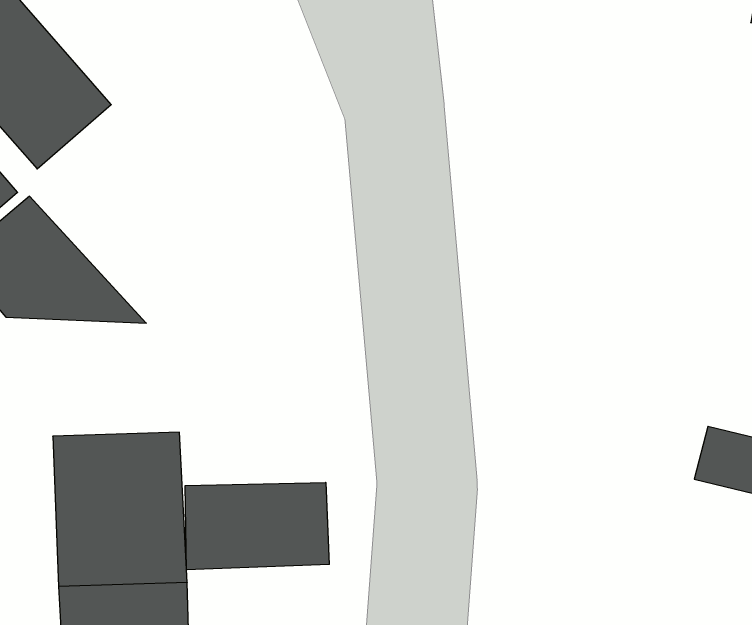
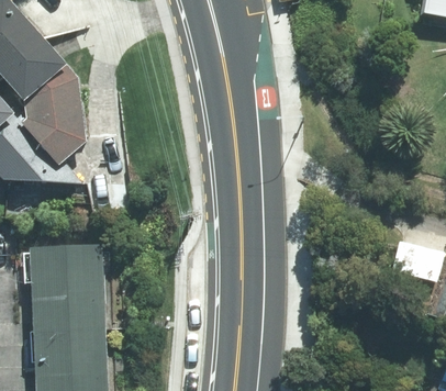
building: none -> [24,63,87,158]
building: [185,482,329,570] -> none

